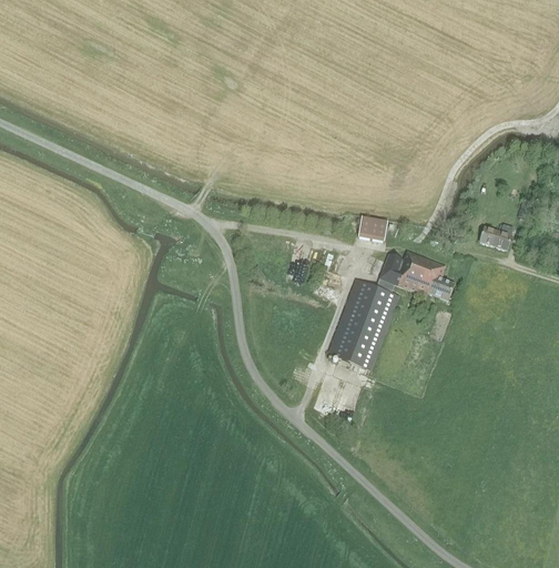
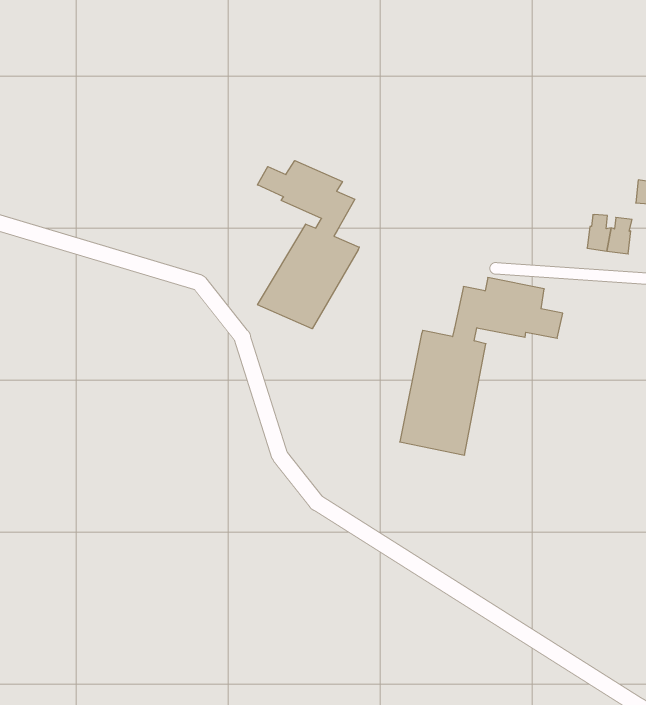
building: none -> [257,161,359,329]
building: [356,215,386,241] -> none

